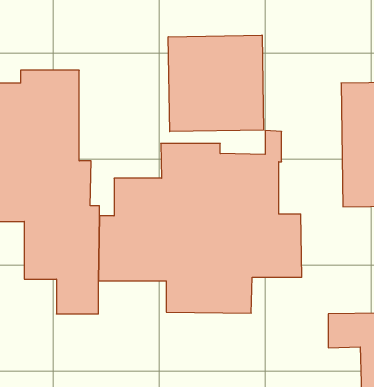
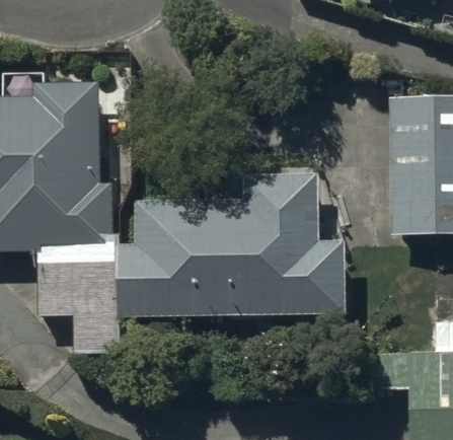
building: [168,35,263,132] -> none

